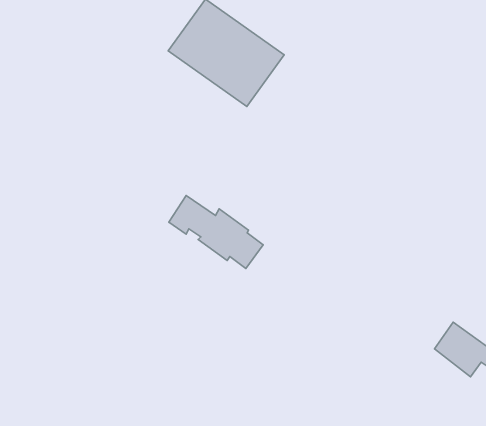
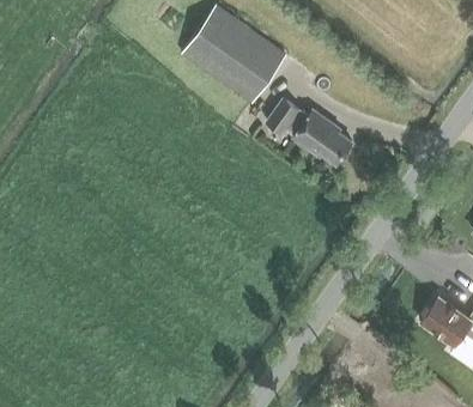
building: [169,195,263,269] -> [267,98,352,164]

